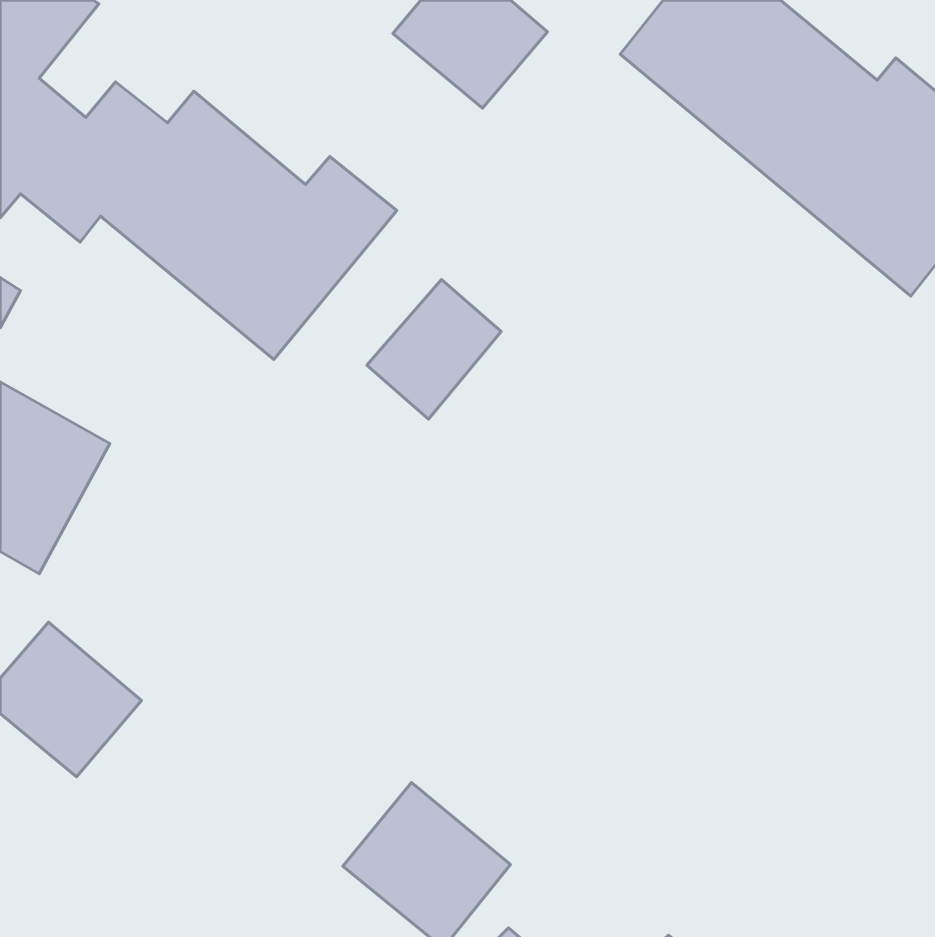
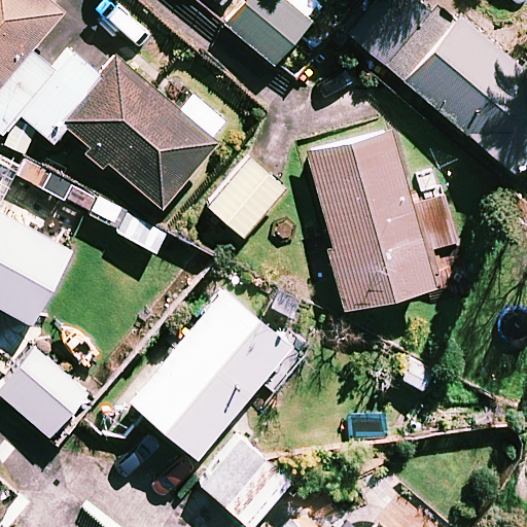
building: none -> [308,129,432,307]
building: none -> [131,291,289,457]

